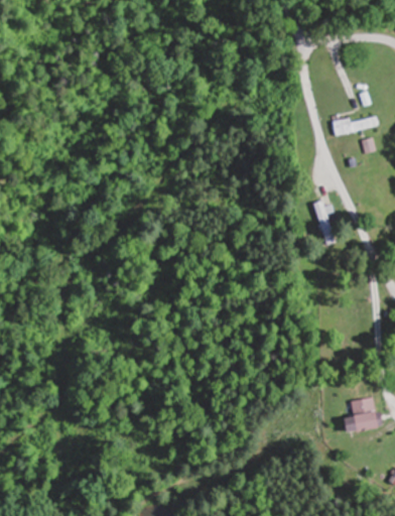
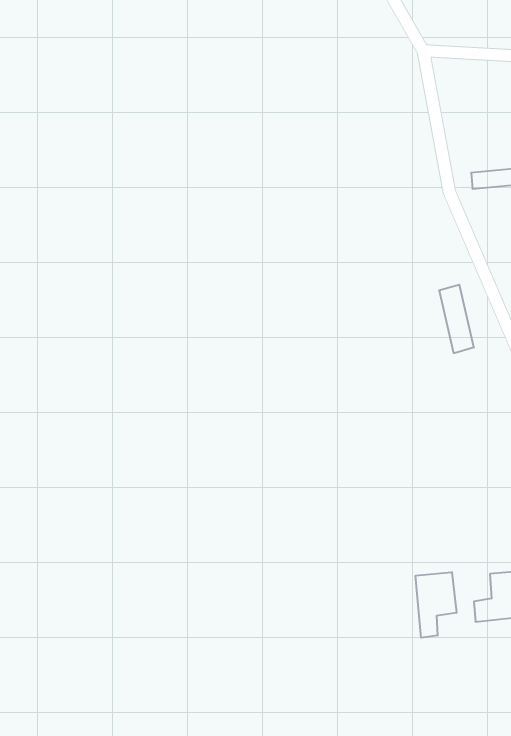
building: none -> [416,572,456,638]

